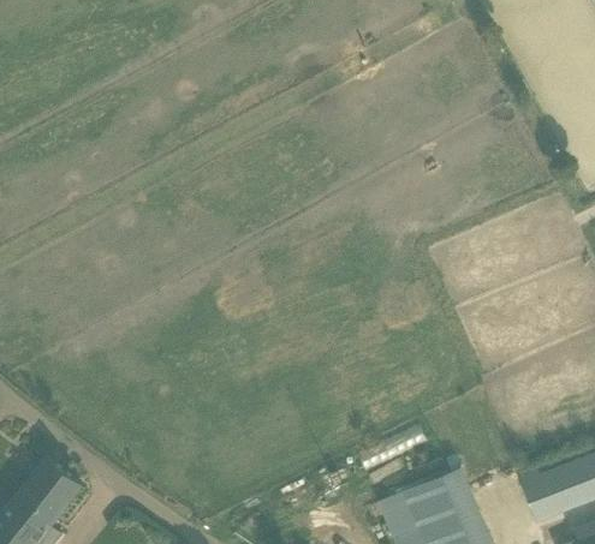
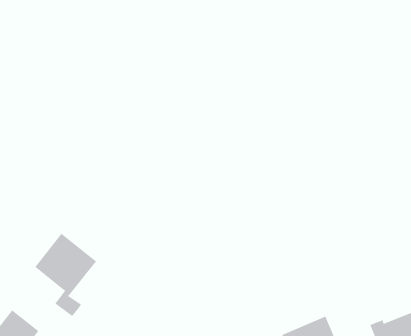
building: none -> [35,233,97,317]

